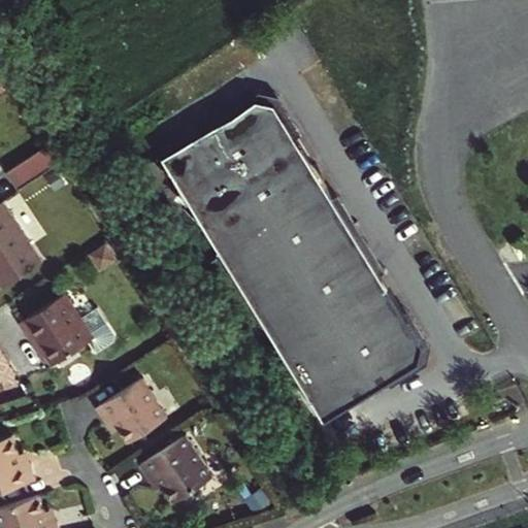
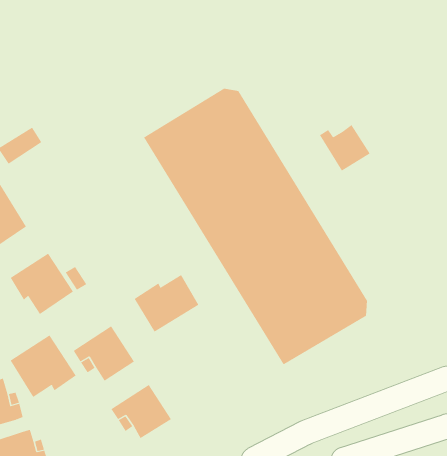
building: none -> [319,124,370,172]
building: none -> [134,274,199,332]
building: none -> [10,334,76,398]

